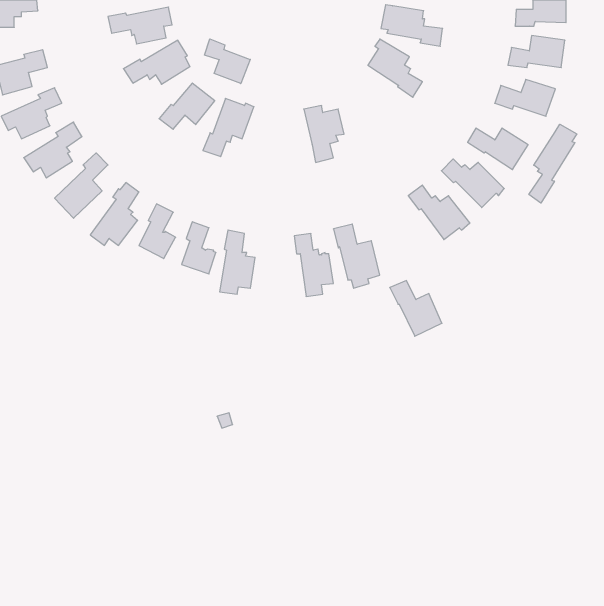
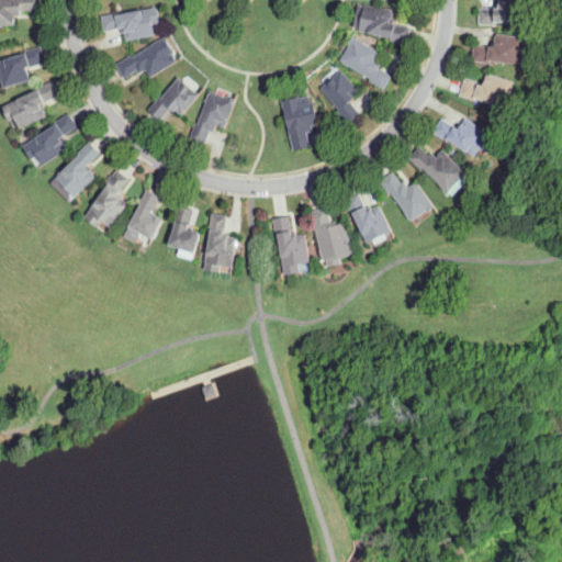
building: [205,39,250,84] -> none
building: none -> [321,70,359,124]
building: [529,124,577,203] -> none
building: [390,281,442,336] -> [342,193,391,245]

